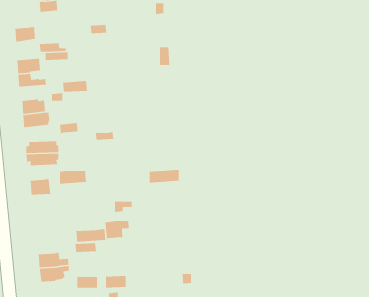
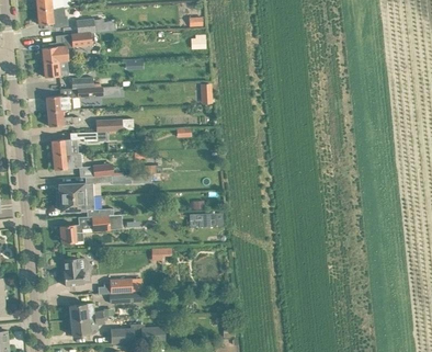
building: none -> [41,42,68,63]
building: none -> [64,258,89,286]
building: [105,220,129,239] -> none

